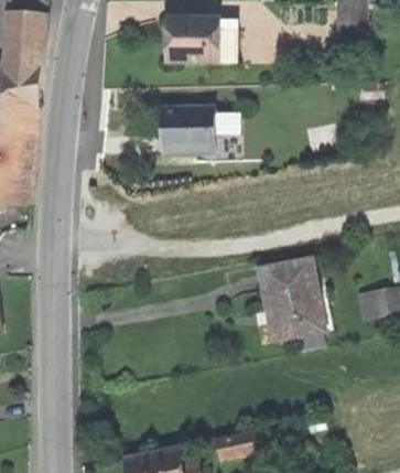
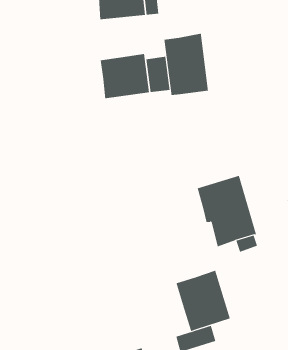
building: none -> [164,33,209,96]
building: none -> [176,270,231,332]

